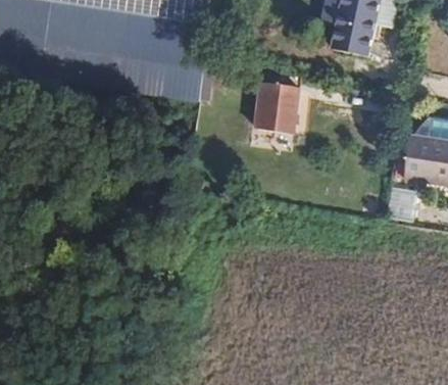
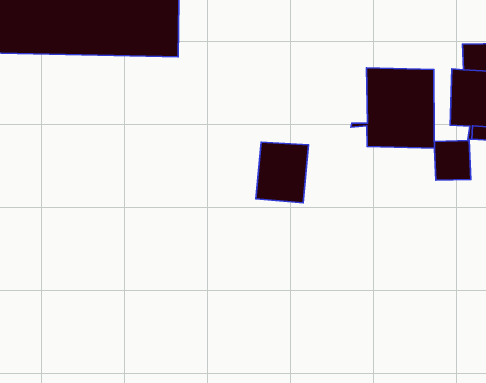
building: [252,81,299,133] -> [256,142,308,203]
building: none -> [351,68,435,148]

